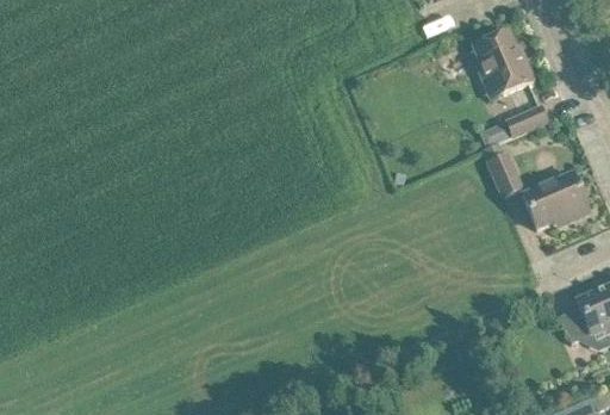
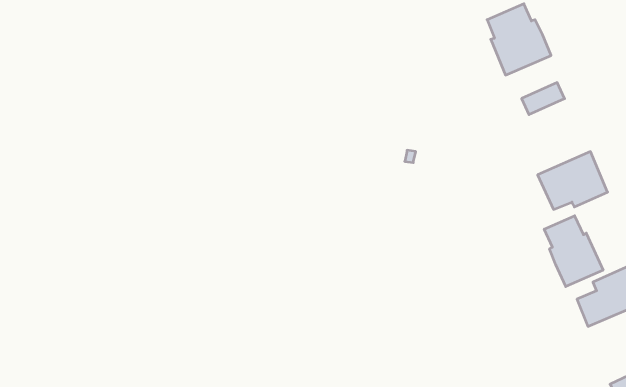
building: [483,142,523,196] -> none
building: none -> [544,216,603,287]

